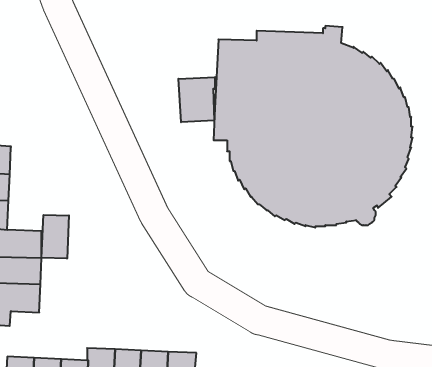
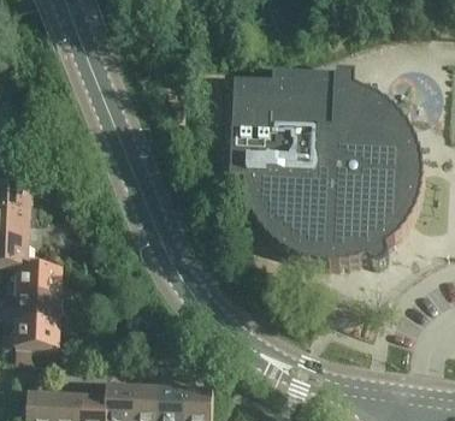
building: [178,77,215,122] -> none
building: [42,215,69,259] -> none

